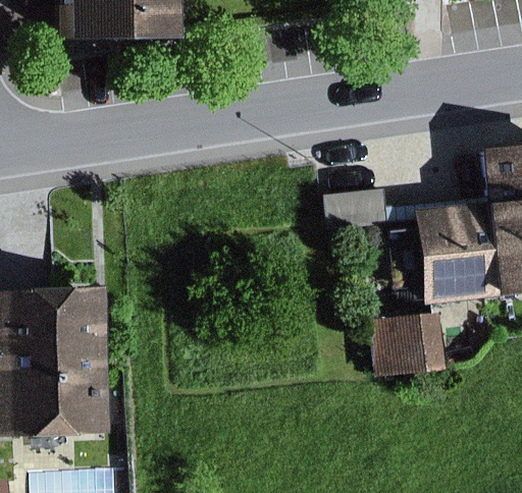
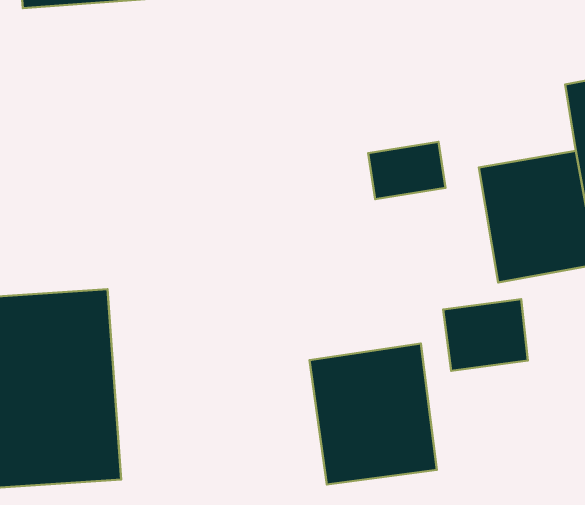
building: none -> [310,344,437,484]

